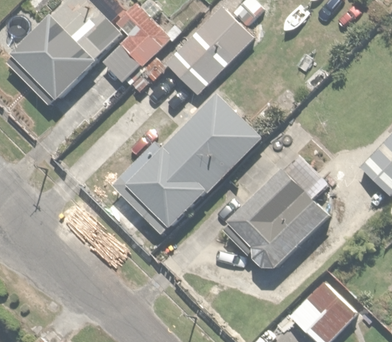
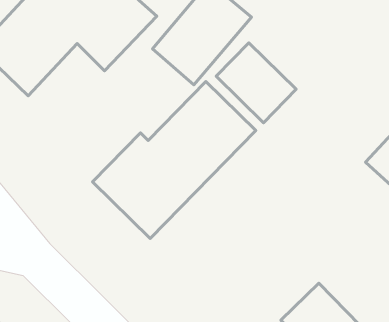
building: none -> [216,43,296,123]
building: [223,154,329,273] -> none

